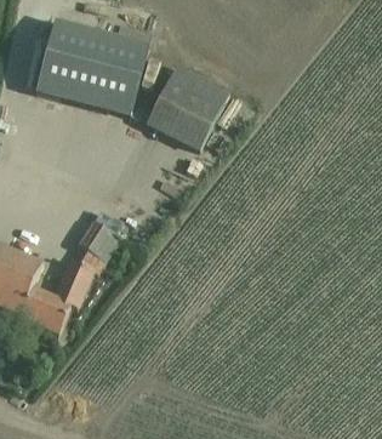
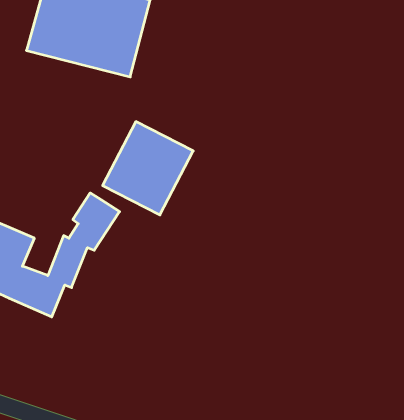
building: [147,64,229,149] -> [103,122,193,215]

